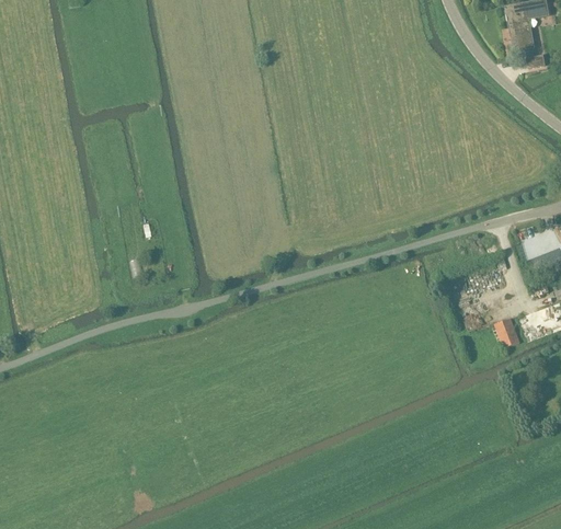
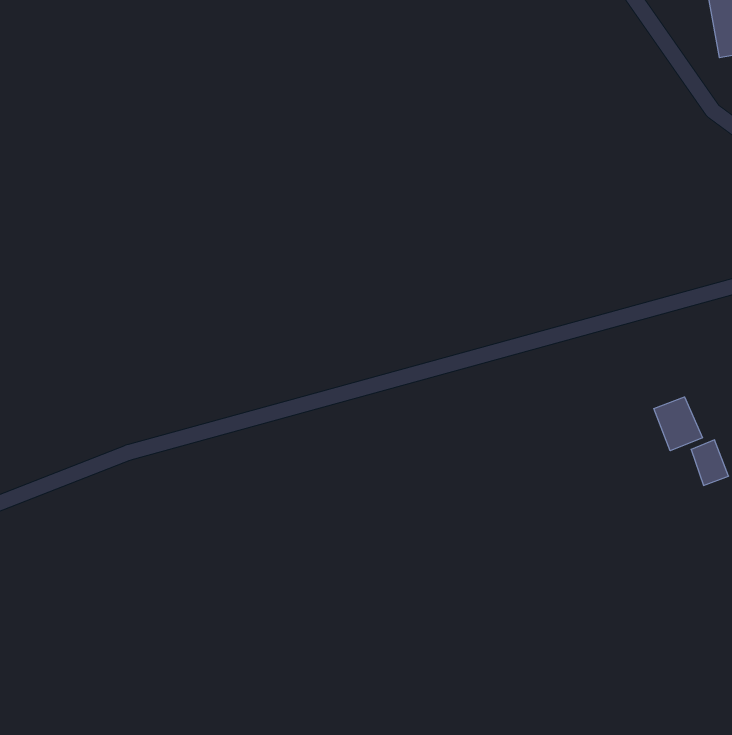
building: none -> [654,397,703,451]

